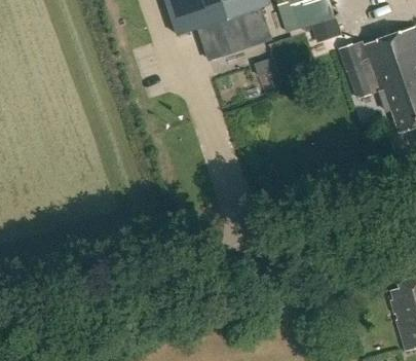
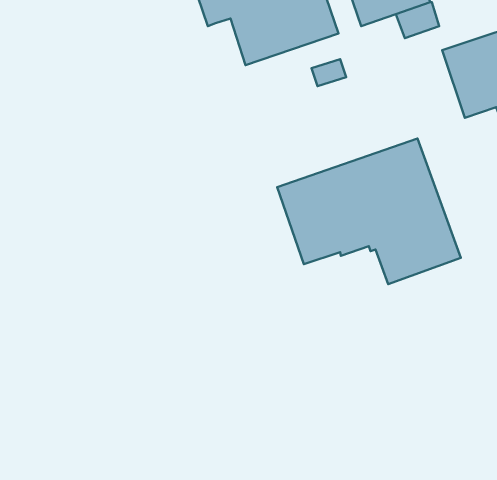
building: none -> [277,138,461,284]

